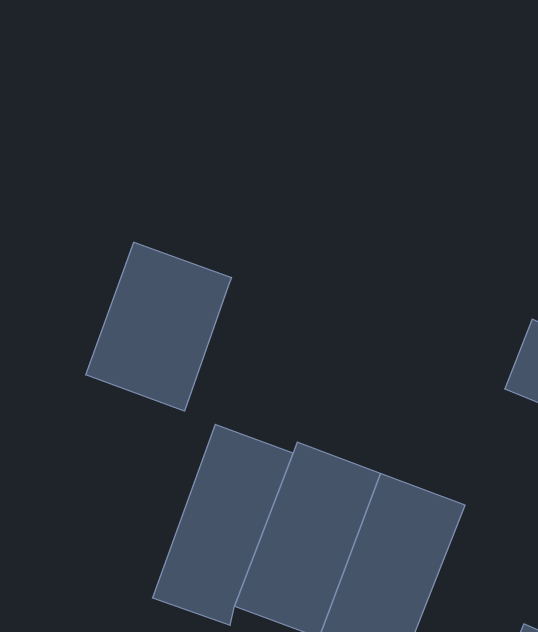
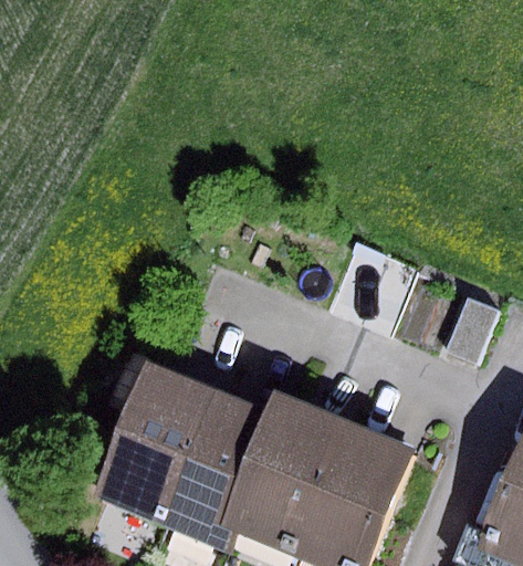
building: [86,242,231,411] -> none
building: none -> [95,360,210,523]

